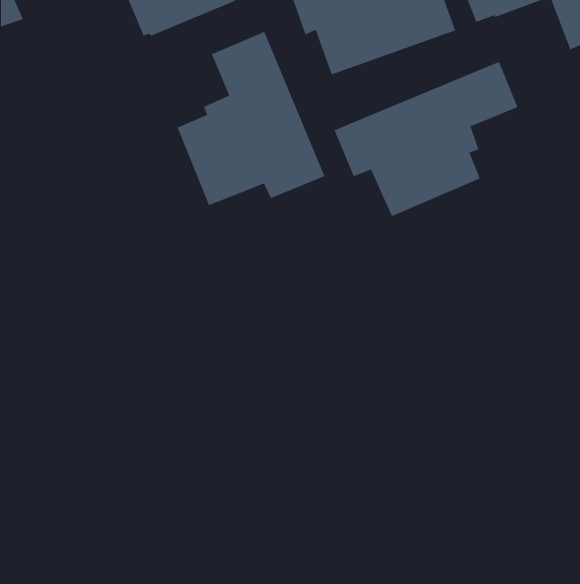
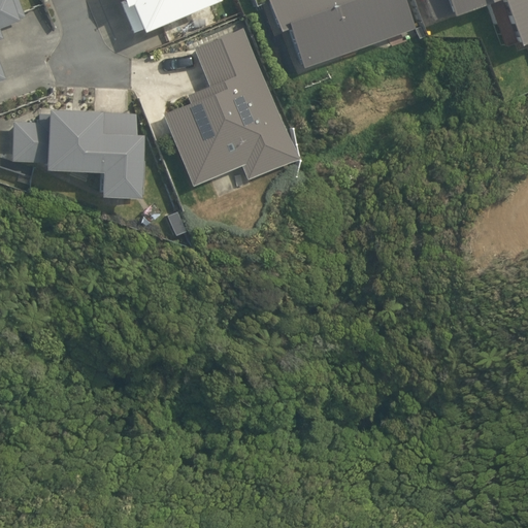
building: [333,61,518,217] -> none
building: none -> [12,109,145,199]

